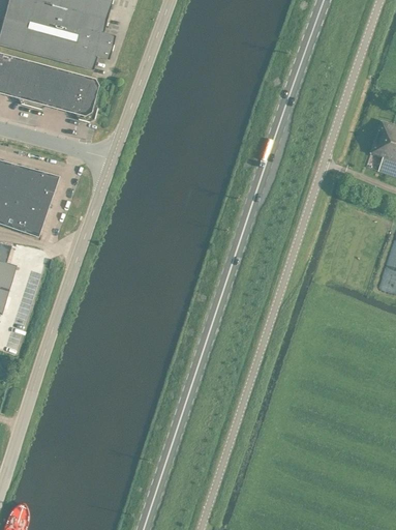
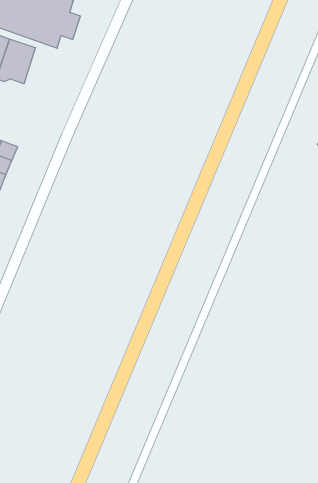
building: [60,71,97,122] -> none

